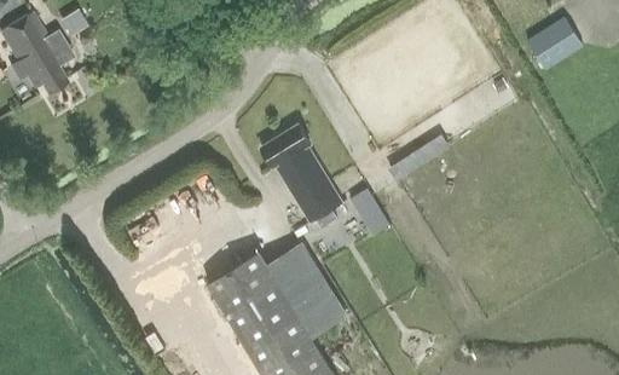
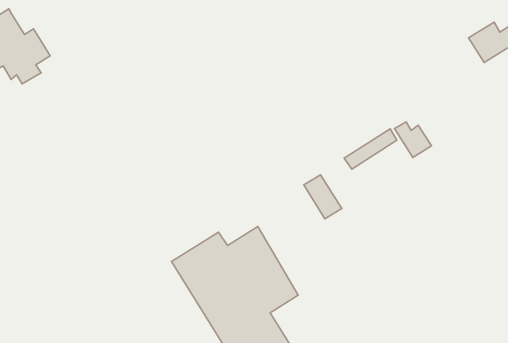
building: [261,123,341,223] -> none
building: none -> [394,122,432,158]

